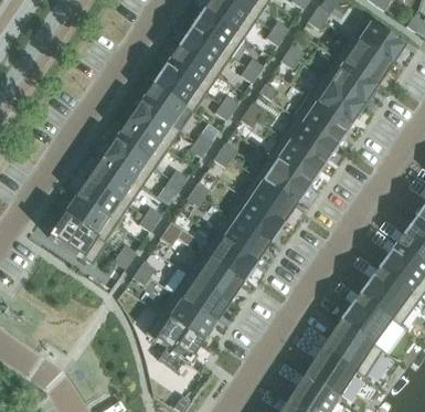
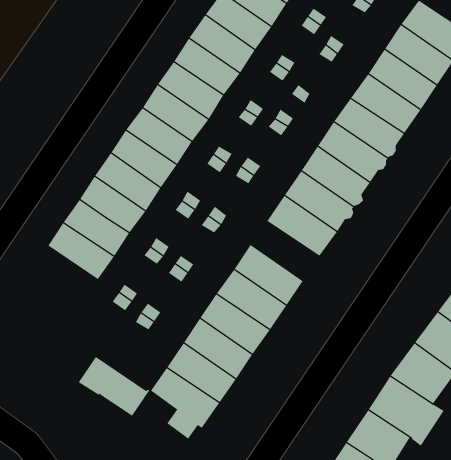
building: [226,196,283,244] -> none
building: [49,215,107,264] -> [78,356,150,416]

